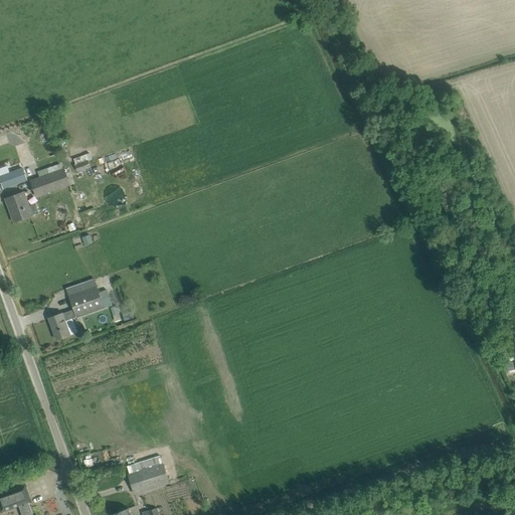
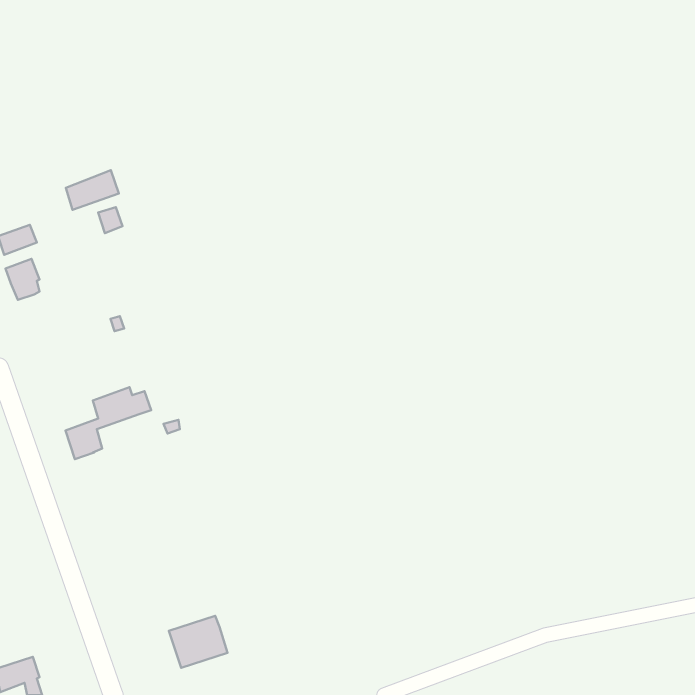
building: [30,167,69,196] -> [66,170,119,210]

